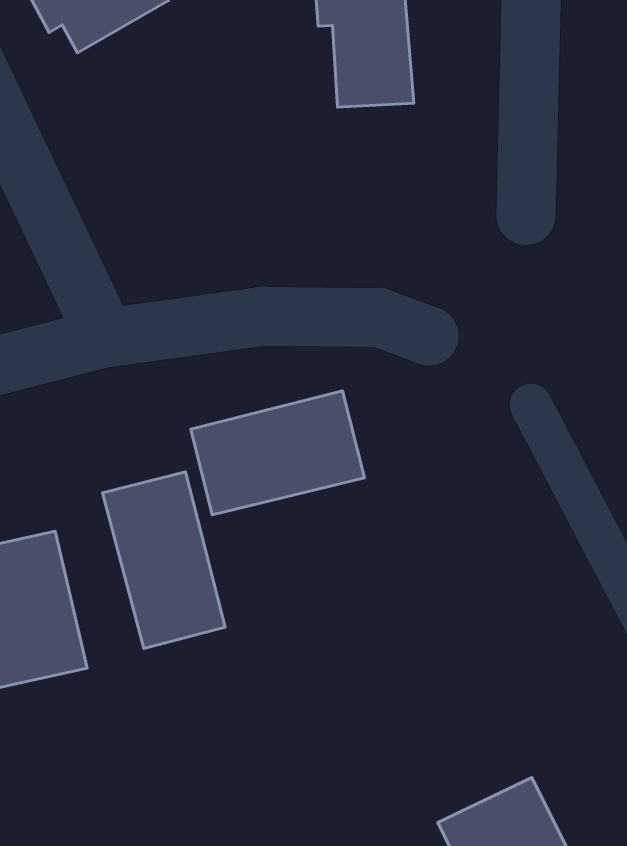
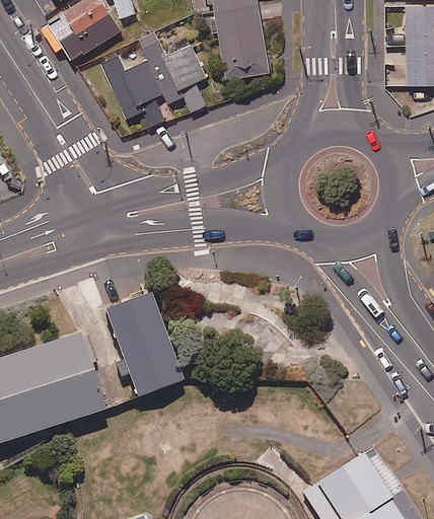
building: none -> [100,29,203,125]
building: [191,391,365,515] -> none

